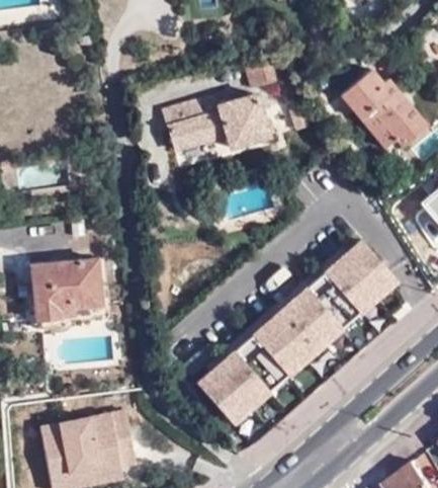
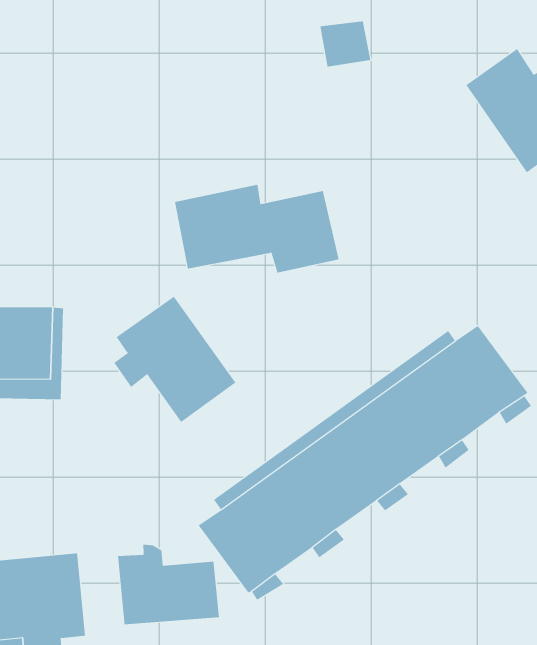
building: [165,96,272,154] -> [174,184,340,273]
building: none -> [114,296,236,423]
building: none -> [118,544,220,625]

